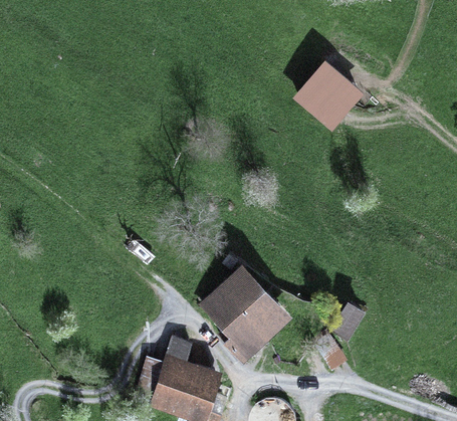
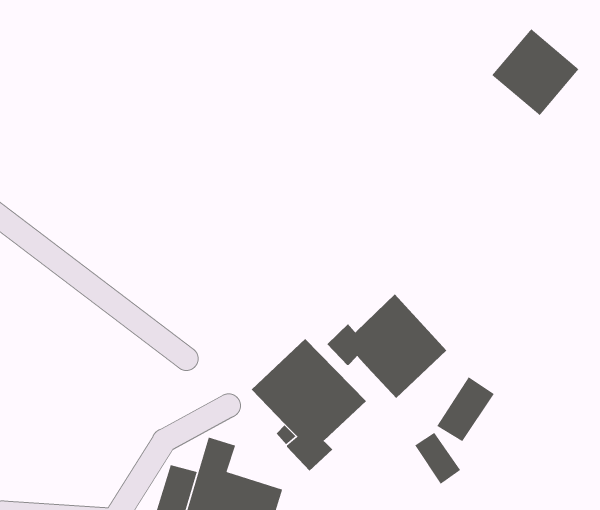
building: [298,64,359,125] -> [491,28,580,116]
building: none -> [326,294,447,399]

